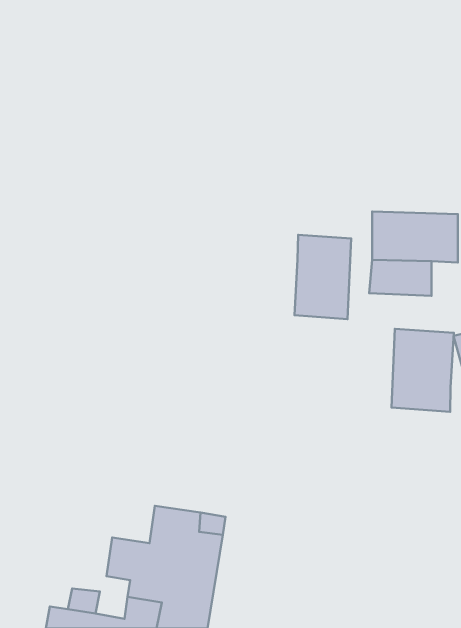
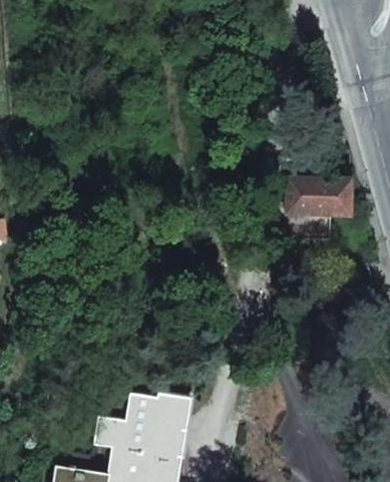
building: [294,235,351,319] -> none
building: [391,329,454,412] -> none

